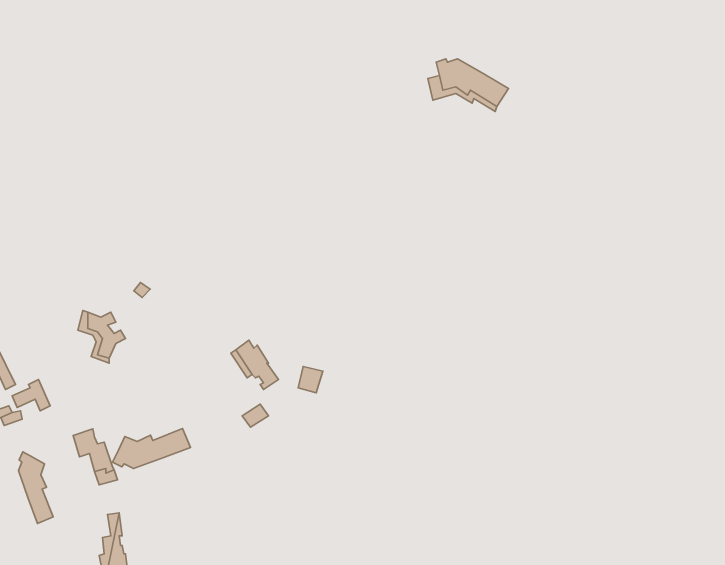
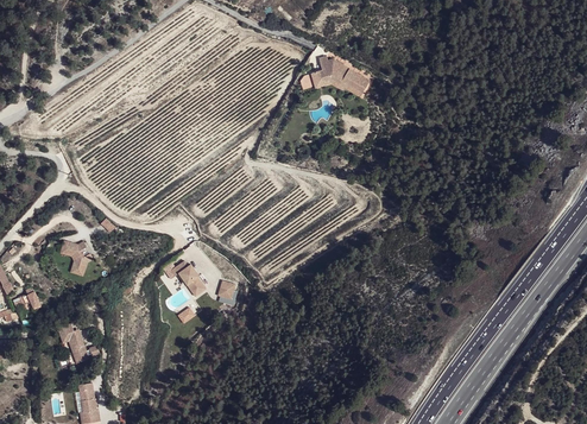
building: [113,429,190,468] -> none
building: [18,452,53,523] -> none

